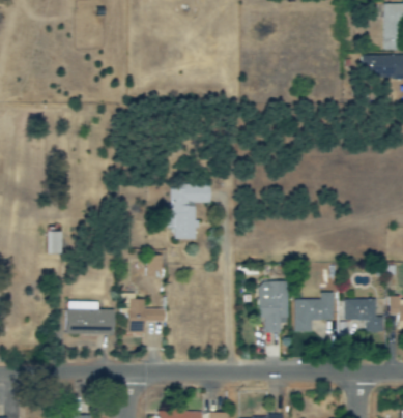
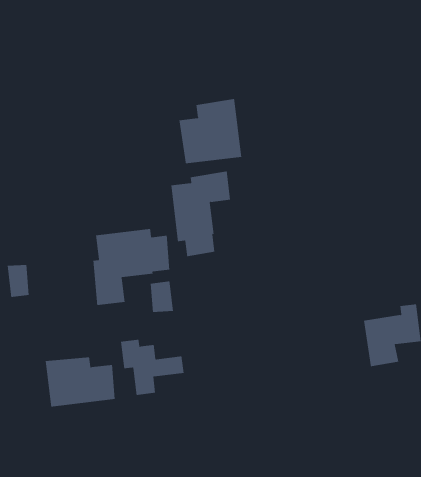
building: none -> [179,98,242,164]
building: none -> [93,228,170,306]
building: [258,281,288,332] -> none

